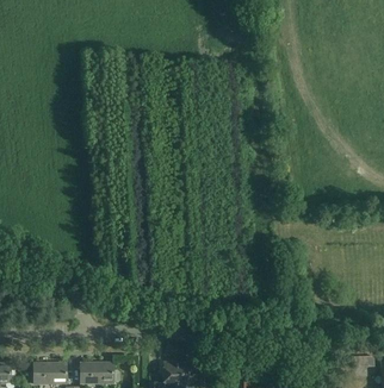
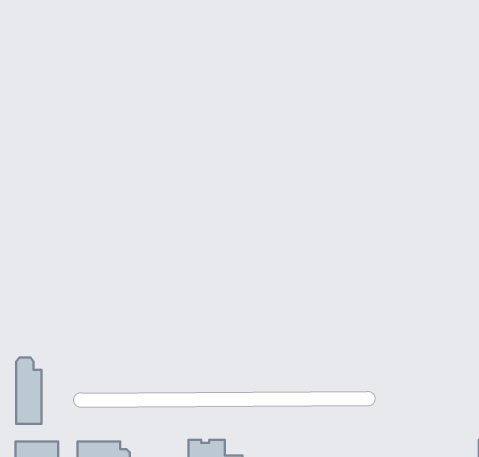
building: none -> [16,358,41,424]

